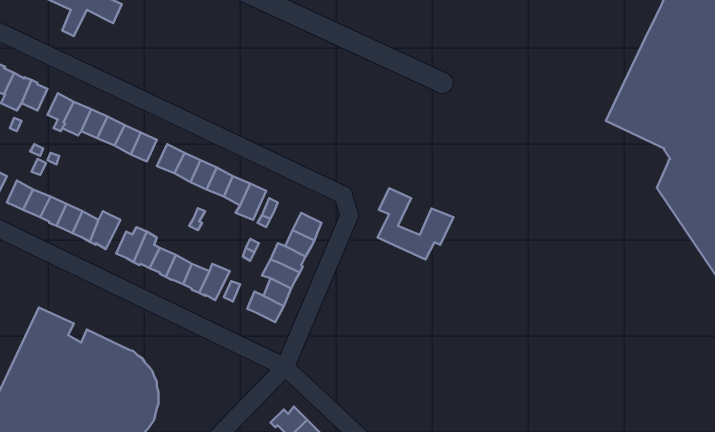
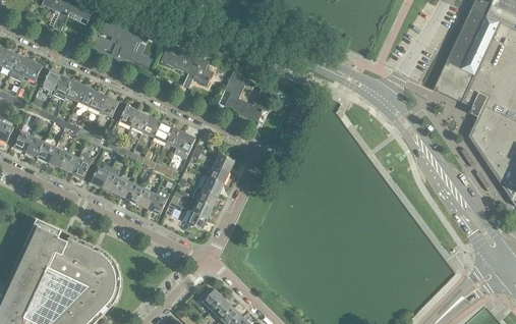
building: none -> [101,13,155,66]
building: none -> [161,42,213,88]
building: [378,188,453,260] -> [224,71,277,121]

